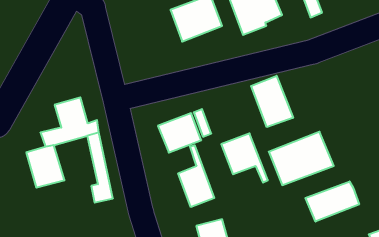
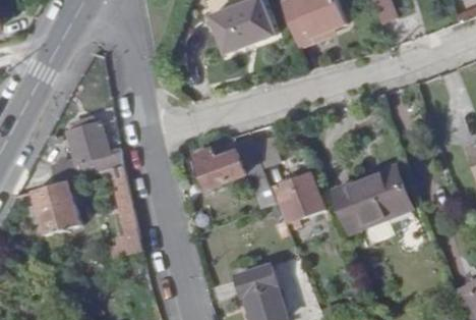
building: [251,76,293,127] -> none
building: [178,145,214,207] -> none
building: [305,181,359,222] -> none

